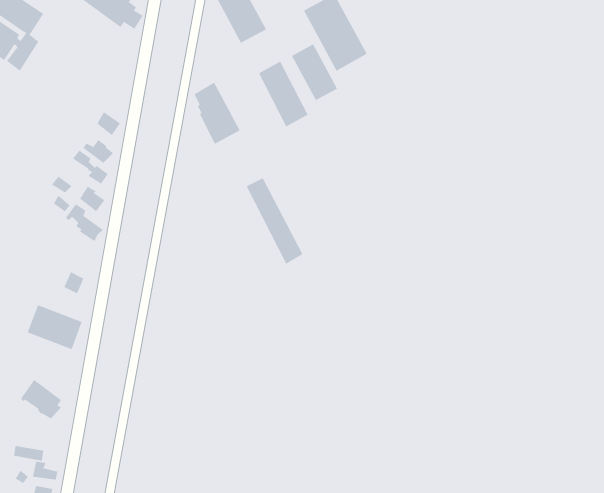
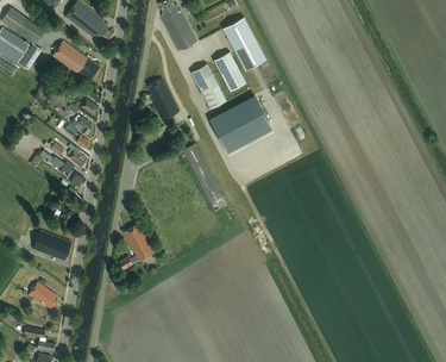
building: none -> [52,40,99,81]
building: none -> [209,95,269,146]
building: none -> [119,224,155,268]

